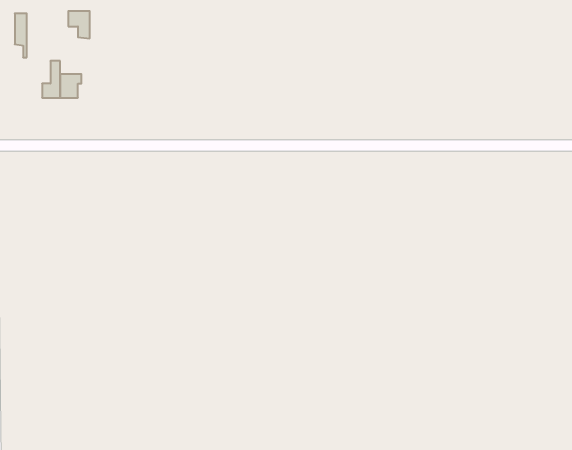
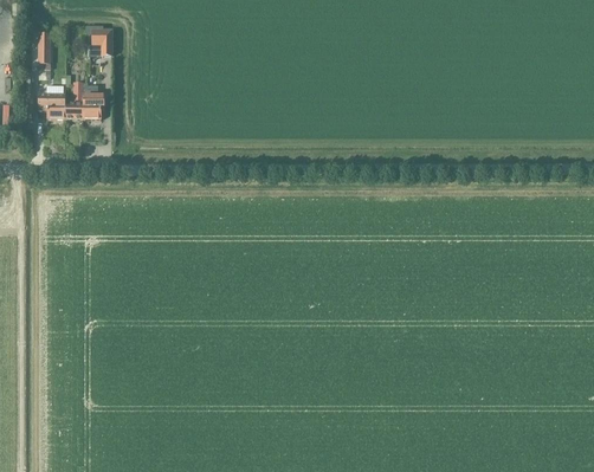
building: none -> [37,93,64,117]

